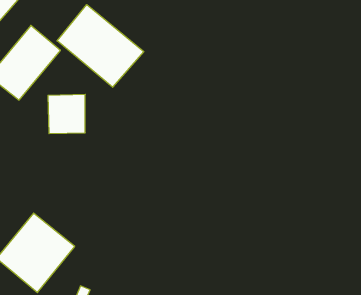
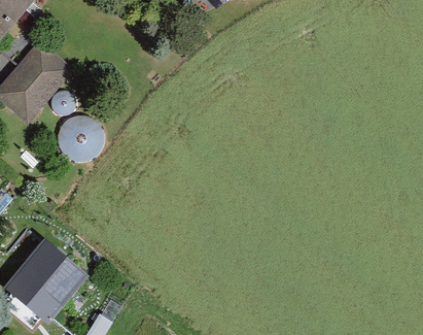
building: [57,5,144,87] -> none

